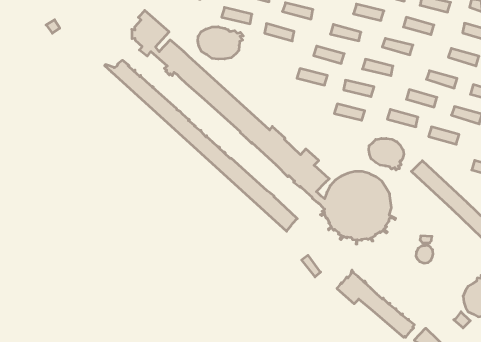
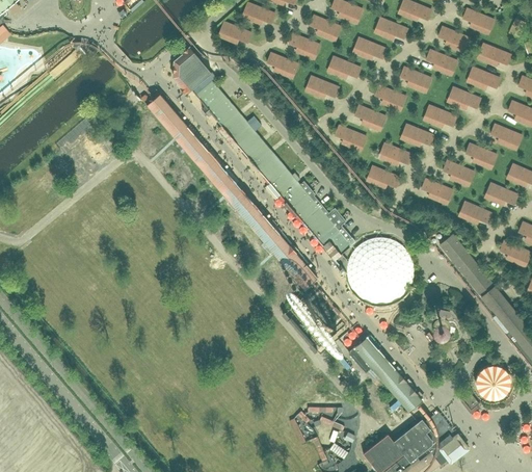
building: [198,27,243,59] -> none
building: [369,138,404,170] -> none

